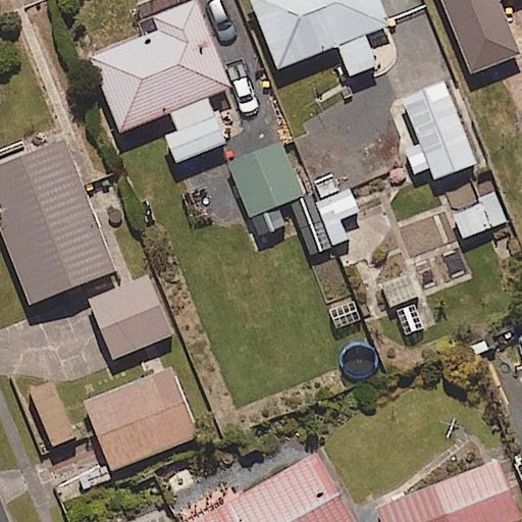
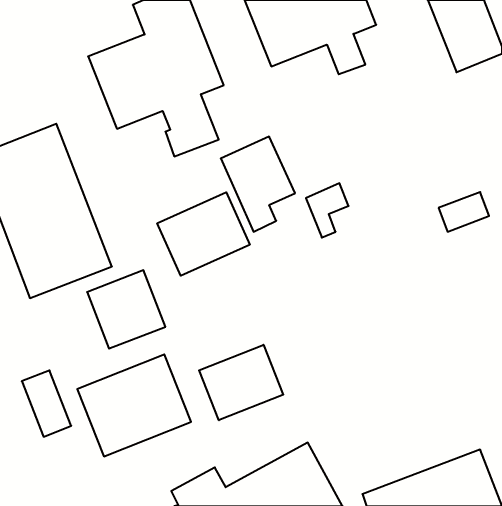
building: [388,83,478,181] -> none
building: none -> [157,192,250,276]
building: none -> [199,345,283,420]

